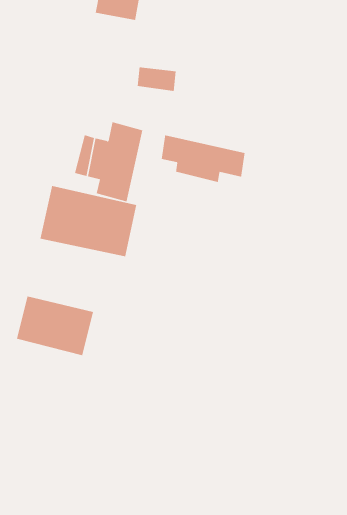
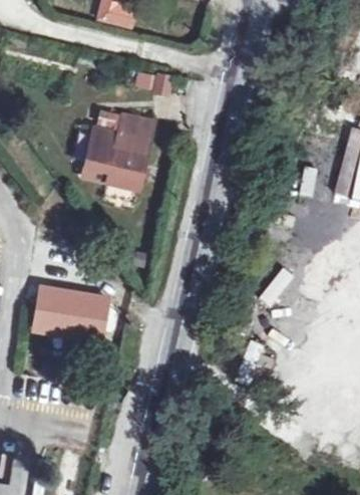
building: [161,135,245,183] -> none
building: [40,185,137,257] -> none

